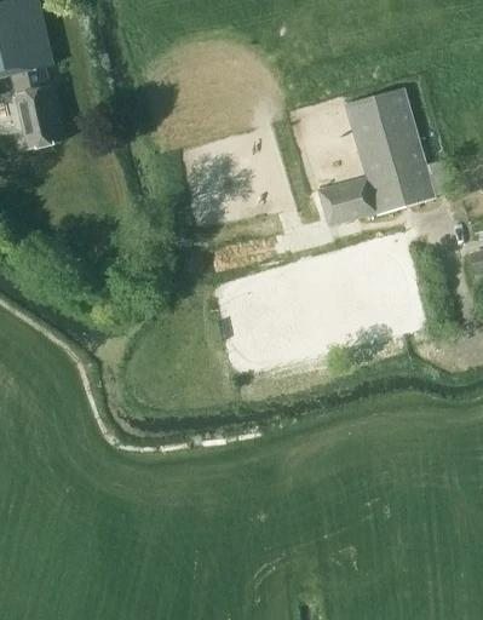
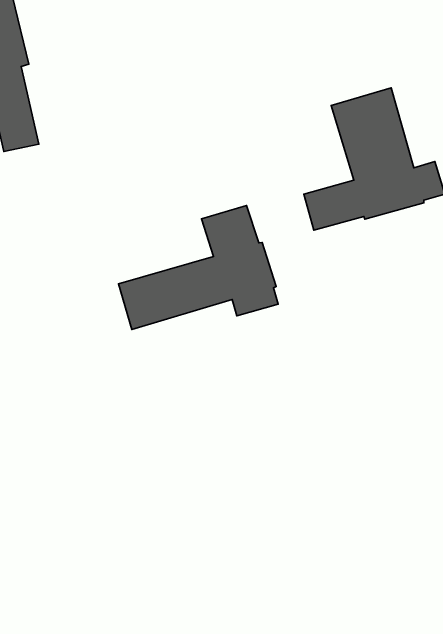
building: none -> [119,205,278,329]

